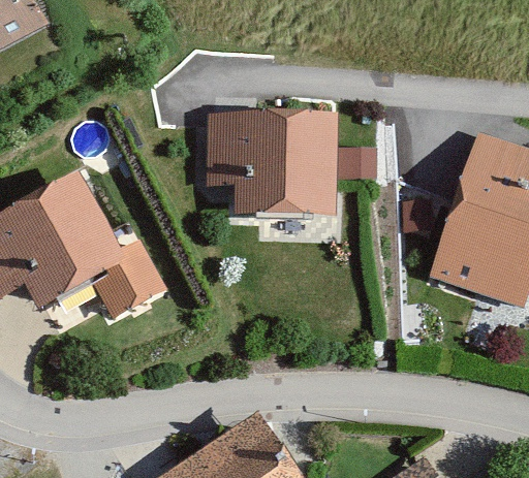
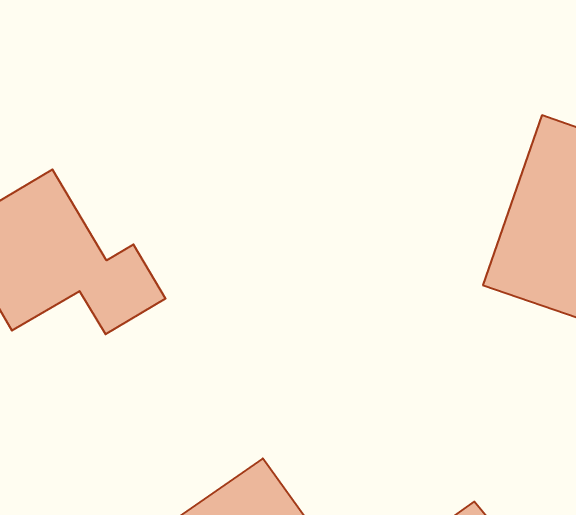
building: [210,114,328,220] -> none

